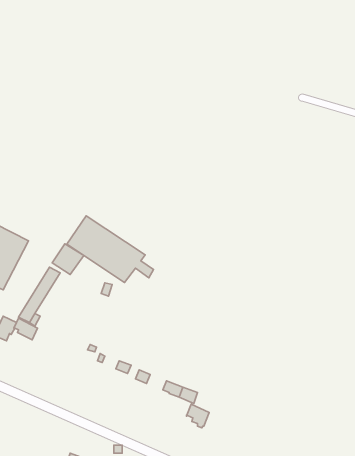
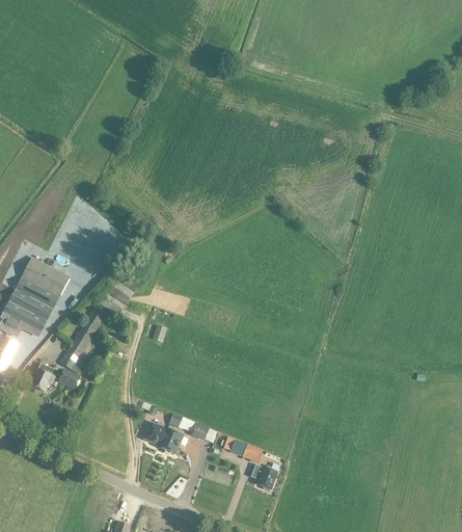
building: [67,216,153,282] -> none
building: none -> [144,422,187,454]

